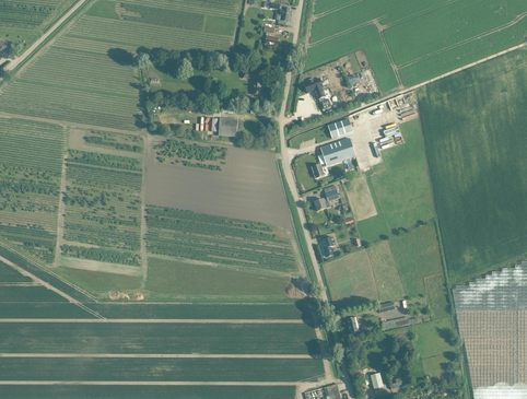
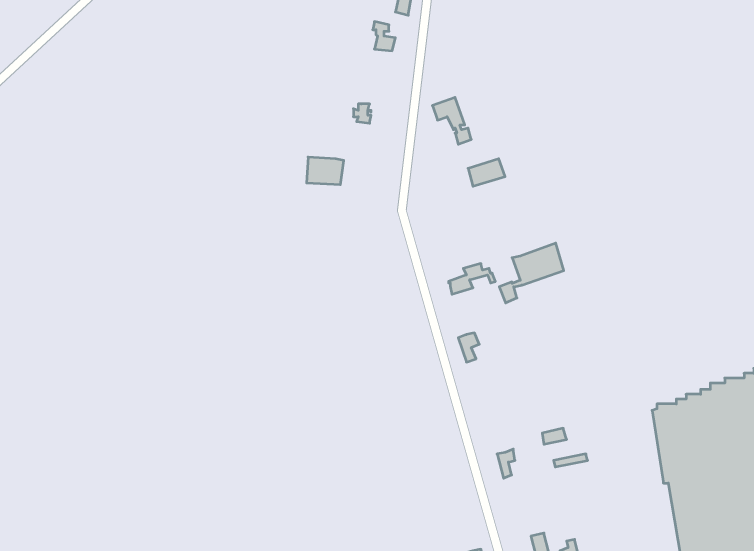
building: [313,137,356,177] -> [499,243,564,303]

